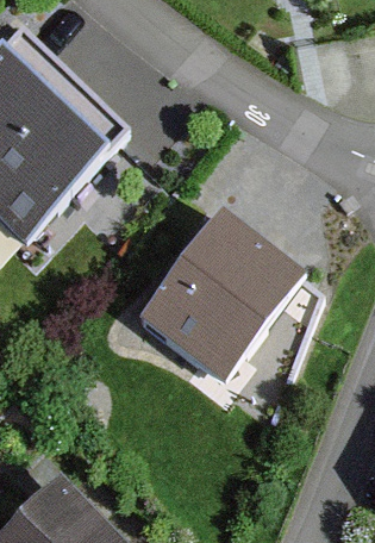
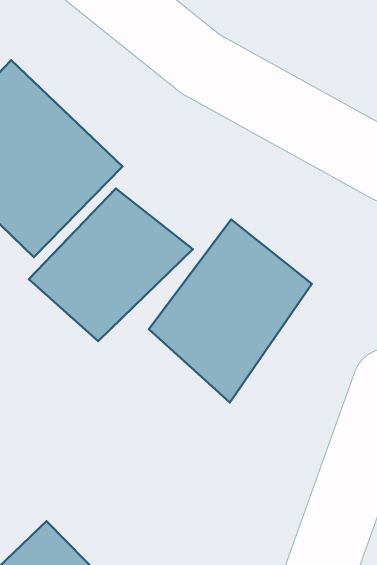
building: none -> [29,188,193,341]

